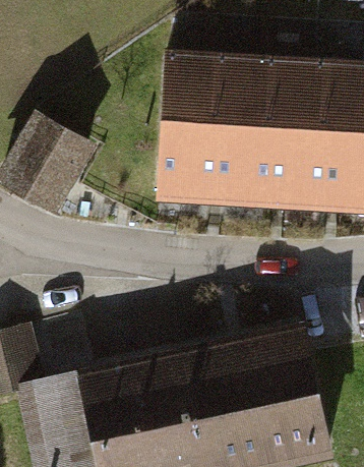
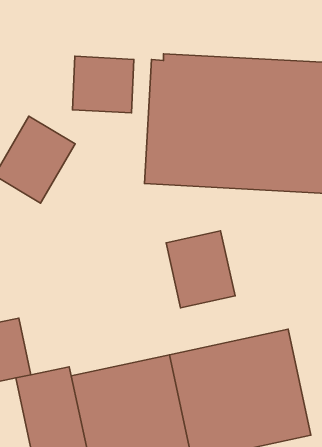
building: none -> [72,56,134,113]
building: none -> [166,231,235,308]

